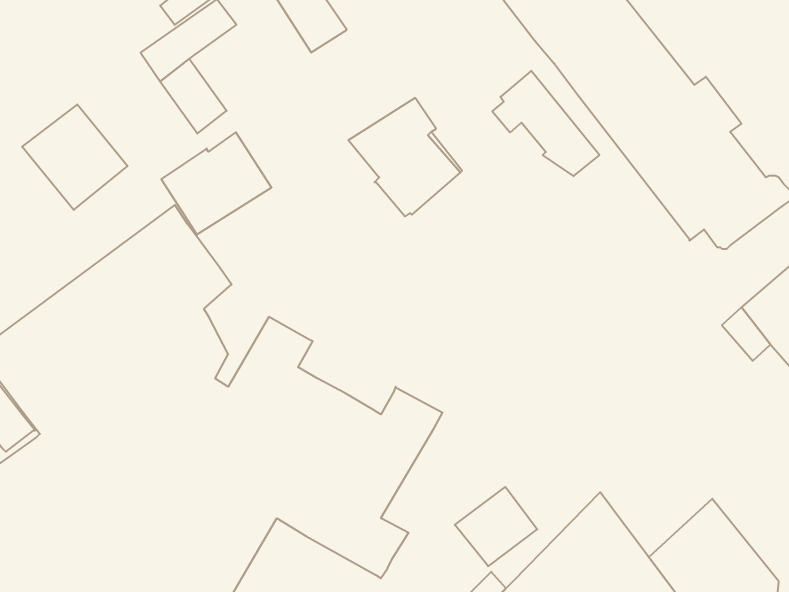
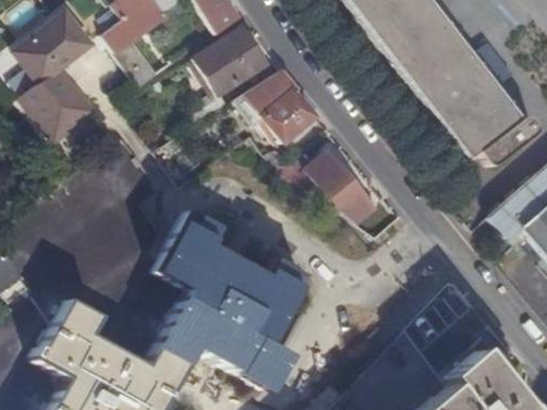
building: none -> [17,13,90,83]
building: [492,71,599,176] -> [303,153,375,224]
building: [161,132,272,235] -> [194,28,268,97]
building: [455,487,537,566] -> none

